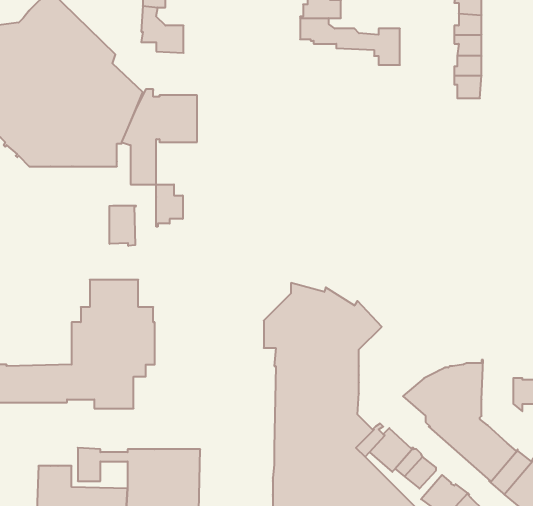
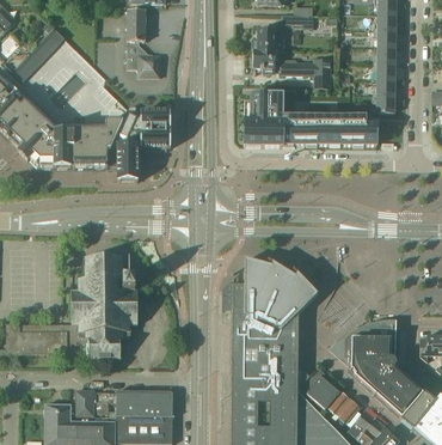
building: none -> [244,93,377,147]
building: [156,184,183,227] -> none
building: [109,206,136,246] -> none

